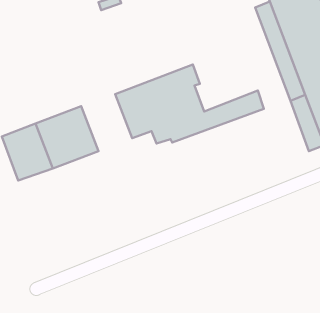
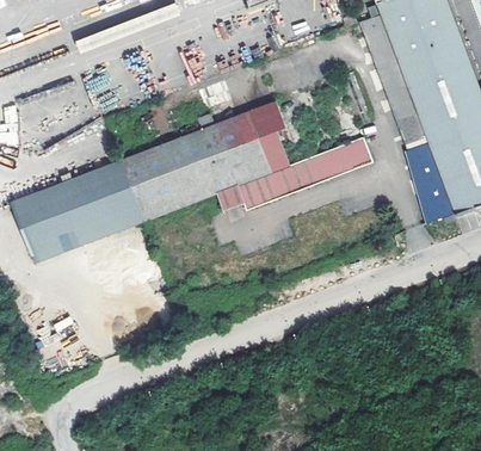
building: none -> [121,142,191,221]

